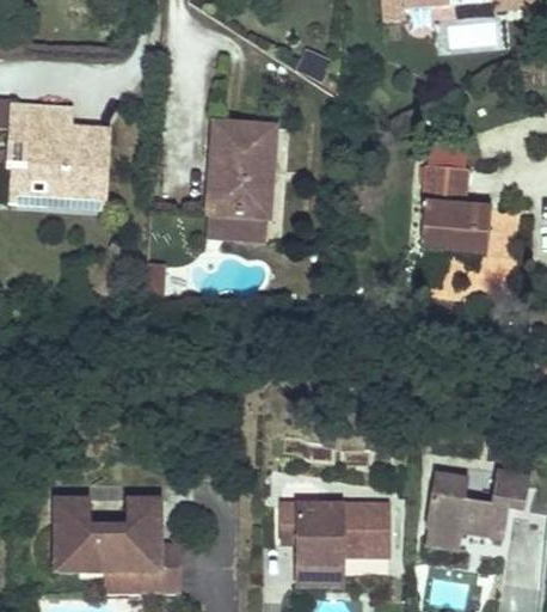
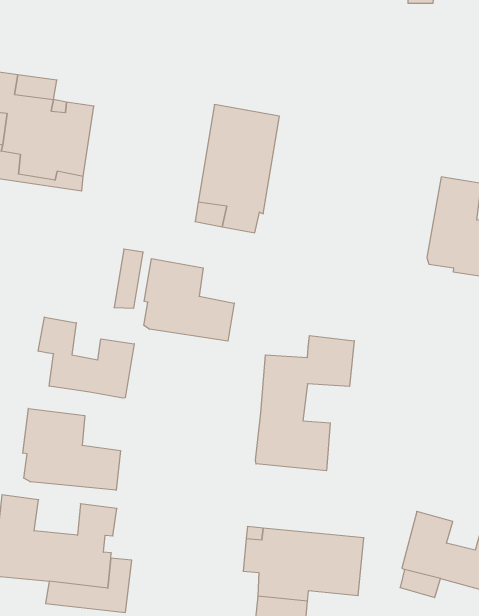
building: none -> [144,259,234,341]
building: none -> [255,336,354,471]
building: none -> [38,317,134,398]
building: none -> [23,408,121,490]

